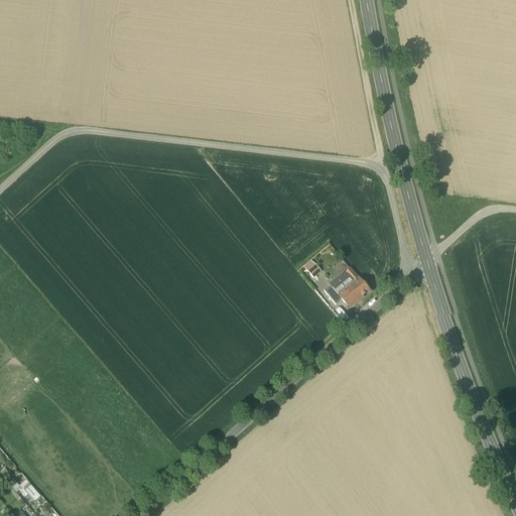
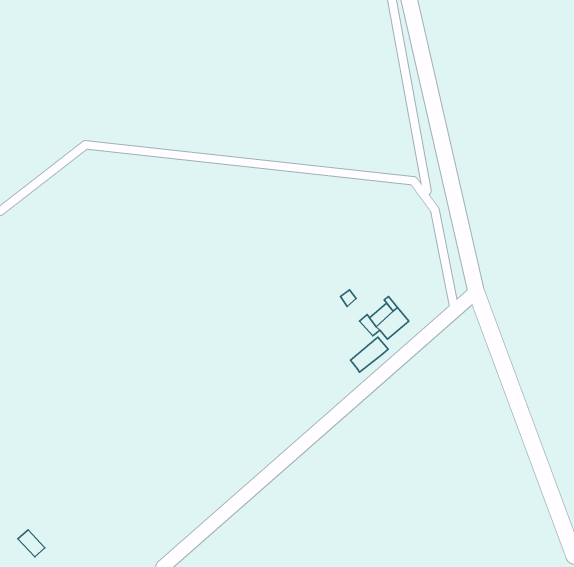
building: none -> [350,337,388,372]

